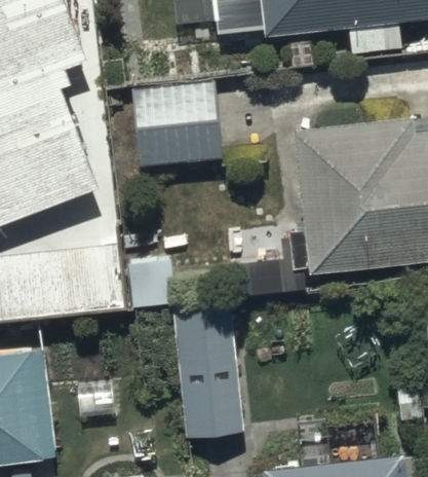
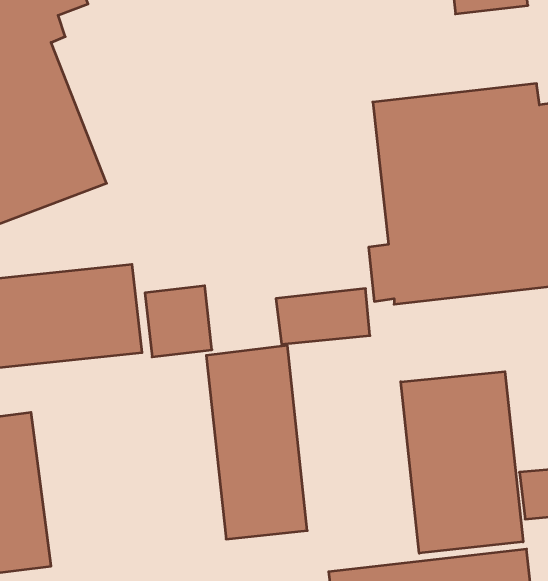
building: [130,72,222,158] -> none
building: none -> [401,372,523,553]

